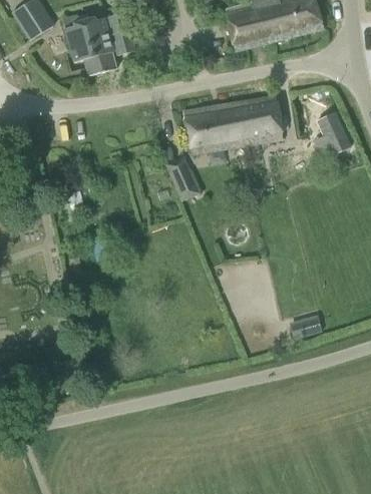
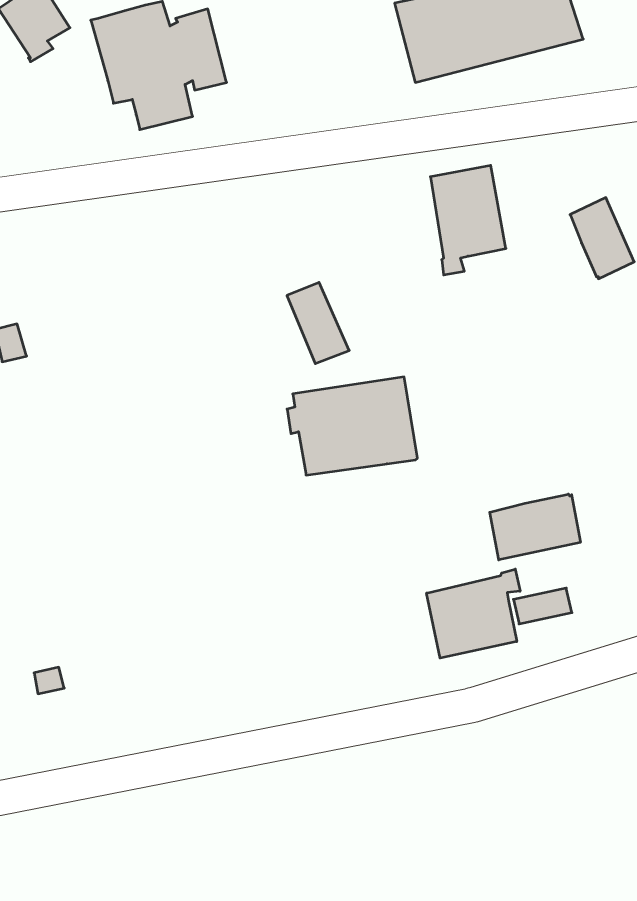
building: [180,100,250,152] -> [287,377,417,475]
building: none -> [490,494,580,560]
building: none -> [427,569,520,658]

